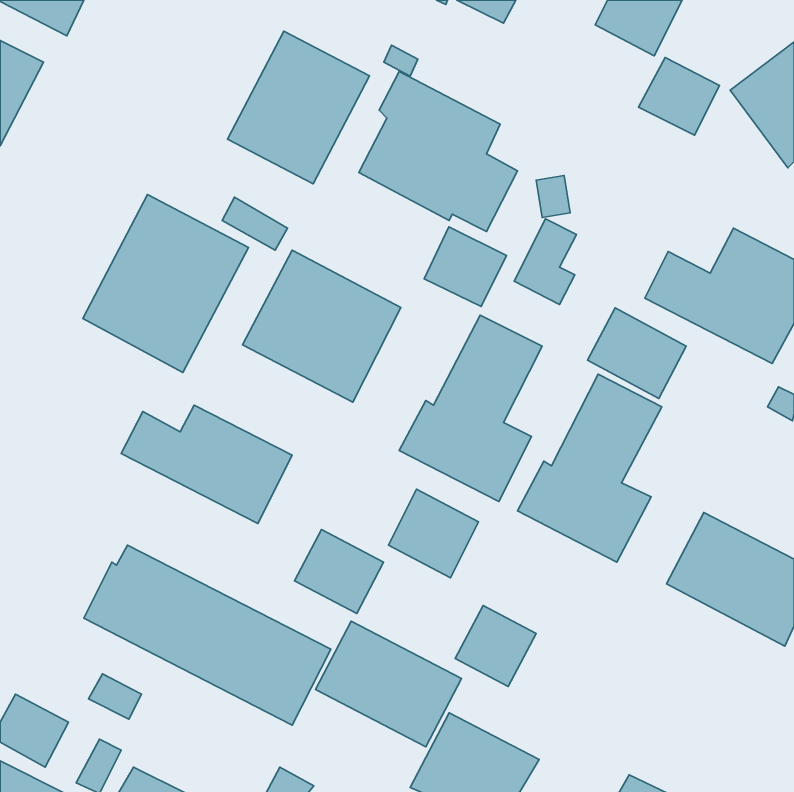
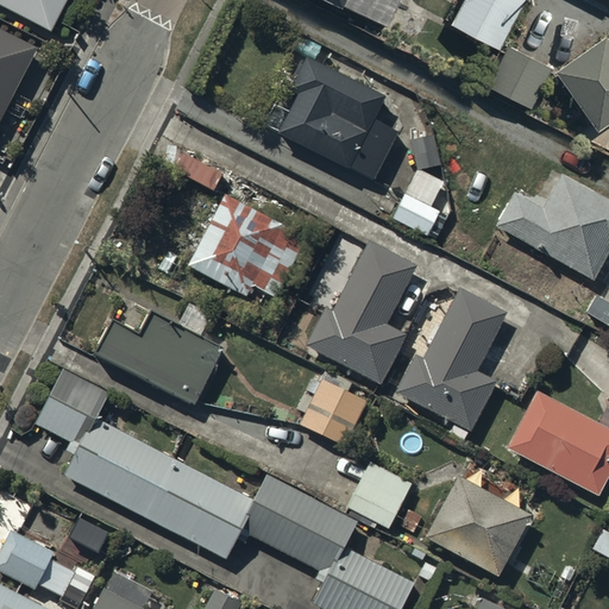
building: [227,31,370,184] -> none
building: [83,195,249,373] -> none
building: [424,227,507,307] -> none
building: [588,308,686,398] -> none
building: none -> [33,369,103,445]
building: [295,530,384,613] -> none
building: none -> [425,475,529,573]

